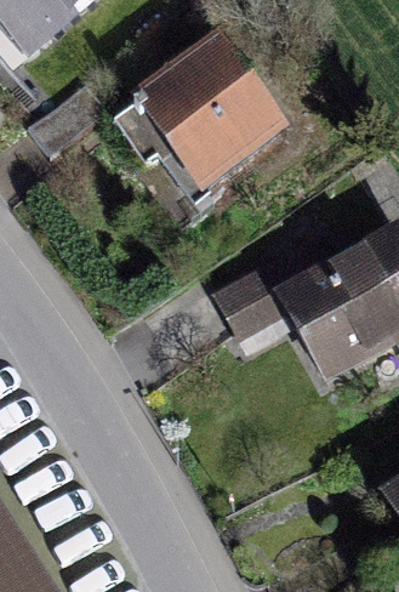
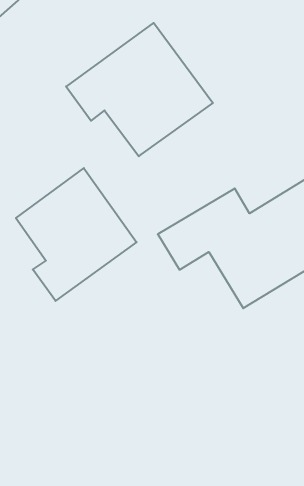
building: none -> [16,168,137,301]

